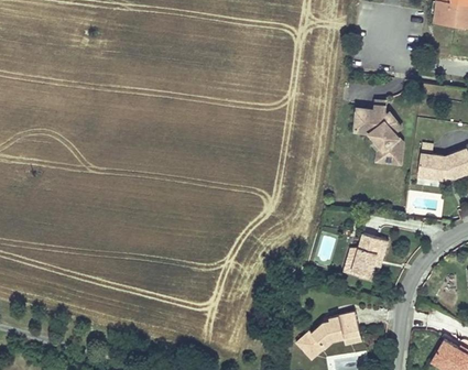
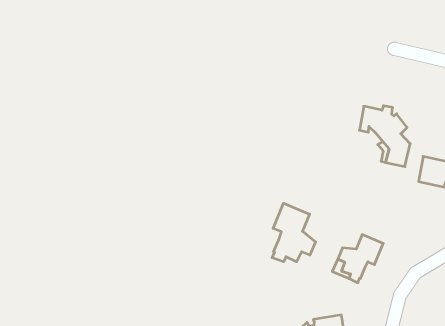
building: none -> [272,203,316,262]

